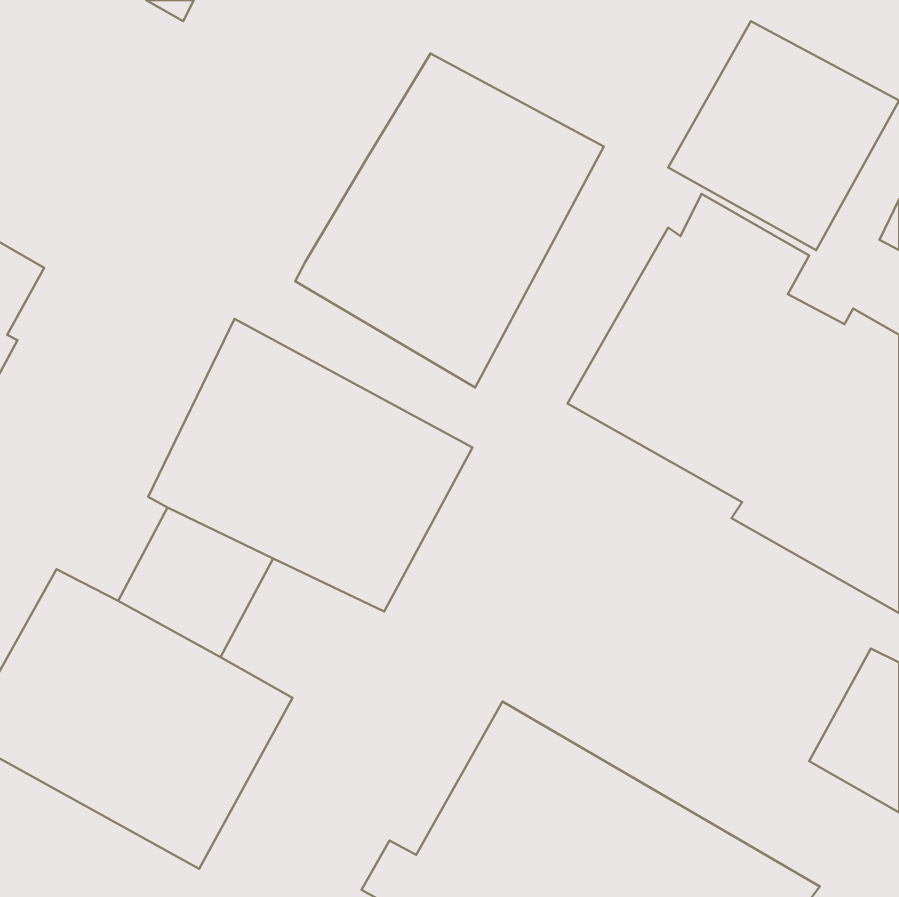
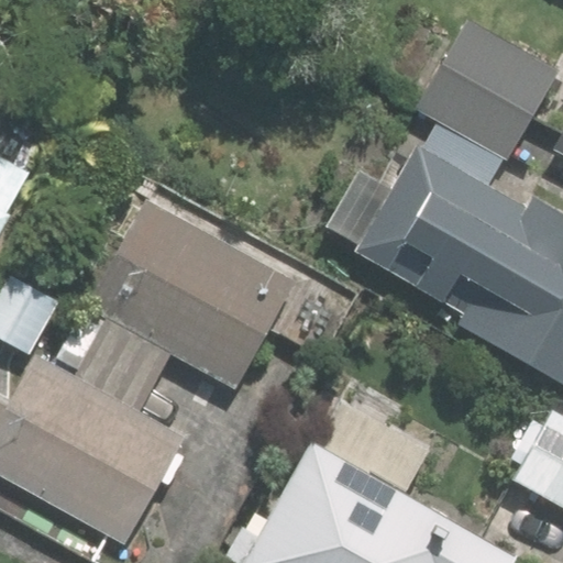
building: [295,53,604,387] -> none

